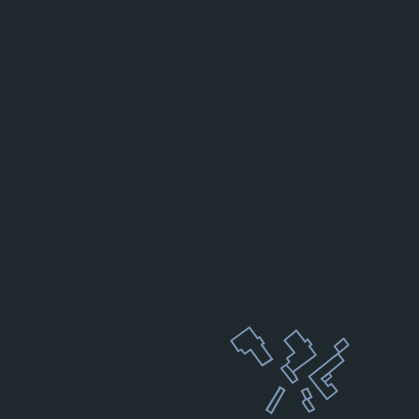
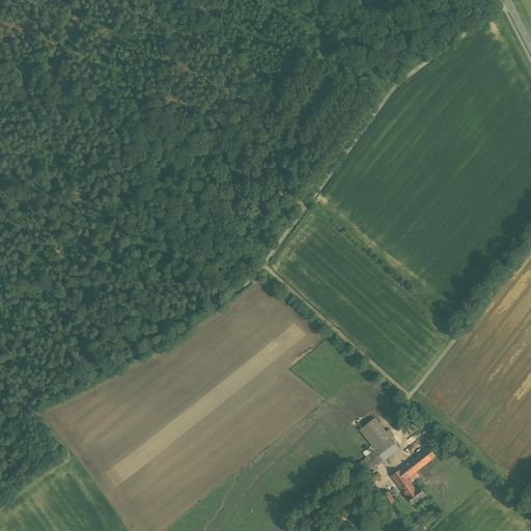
building: [231,327,272,365] -> none

